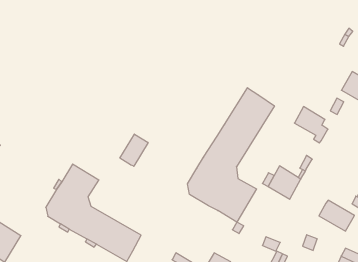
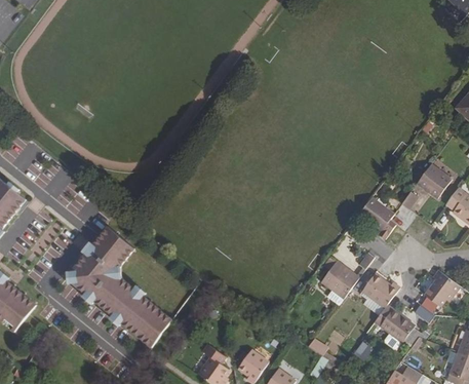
building: [187,88,274,222] -> none
building: [120,134,148,166] -> none
building: none -> [362,273,399,308]

